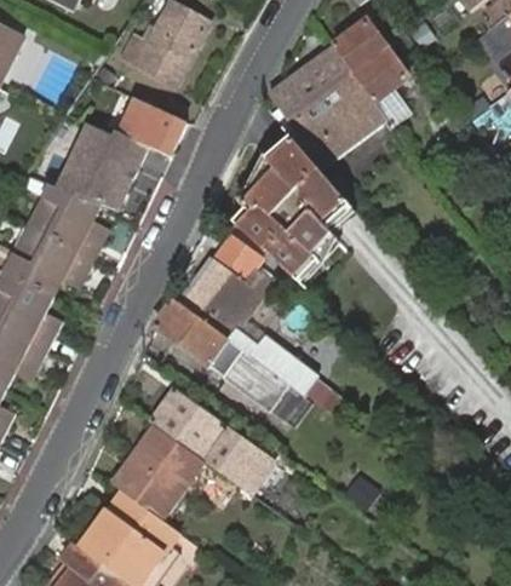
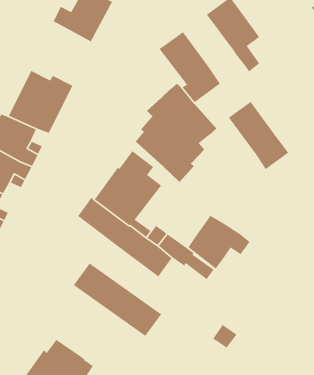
building: [302,46,386,142] -> [228,101,289,170]
building: [121,97,197,160] -> none
building: none -> [188,215,250,270]
building: [113,425,202,517] -> none

